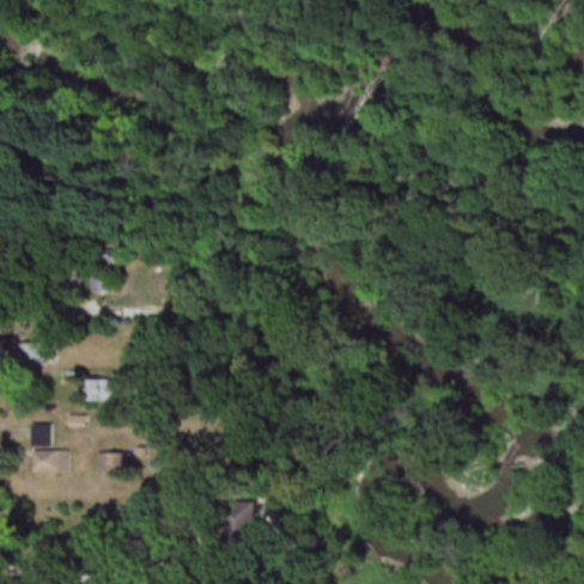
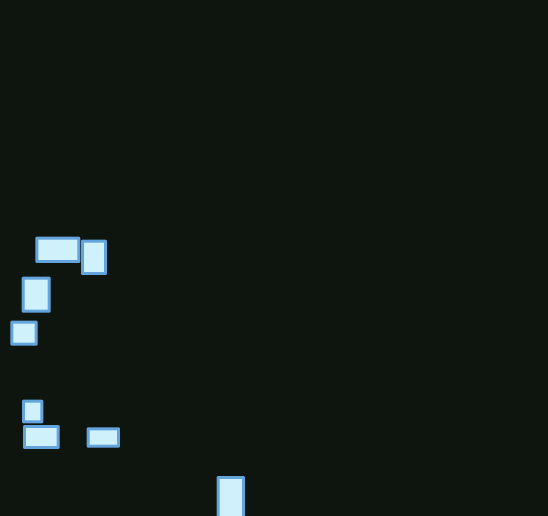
building: none -> [37,238,79,262]
building: none -> [23,278,49,311]
building: [84,378,110,400] -> none

